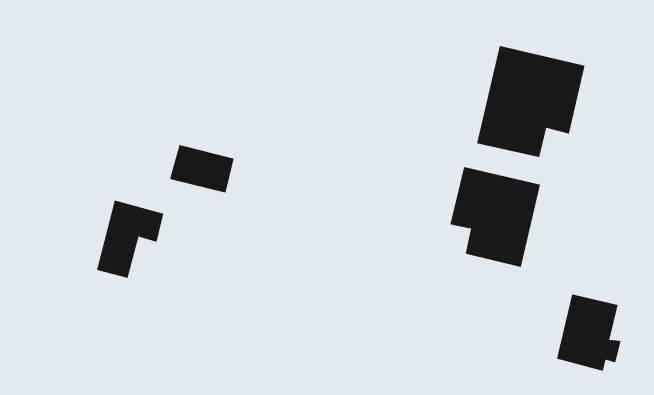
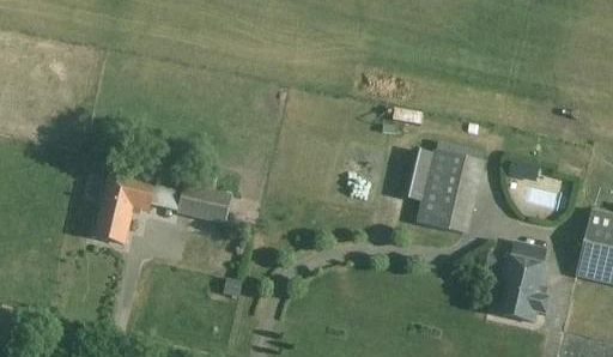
building: [476,45,585,158] -> none
building: [169,145,234,193] -> [176,181,232,223]

